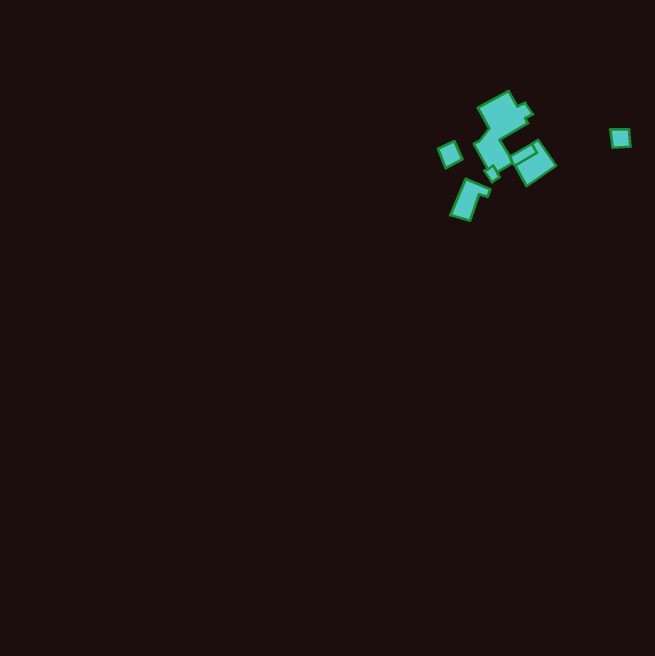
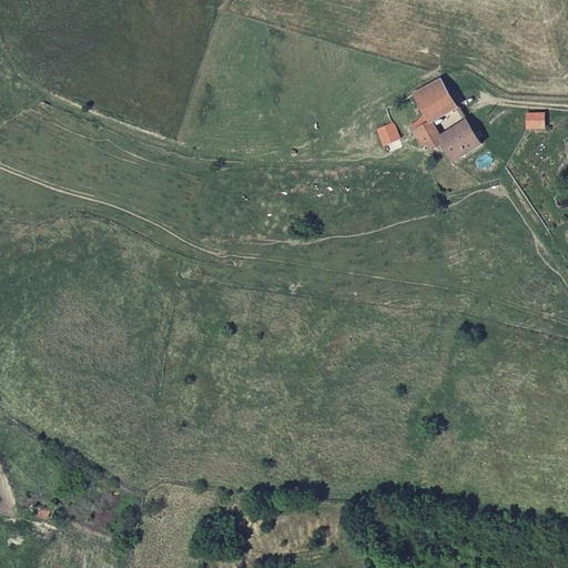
building: [450,179,490,221] -> none

